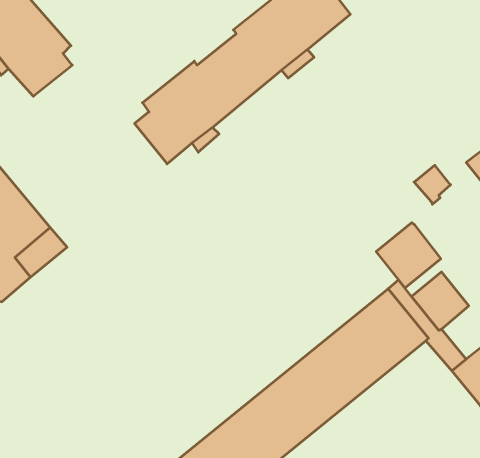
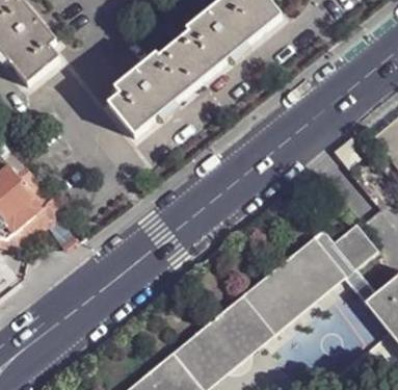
building: [376,223,441,288] -> none

